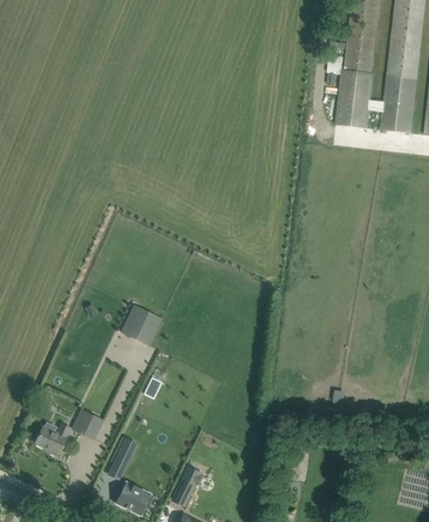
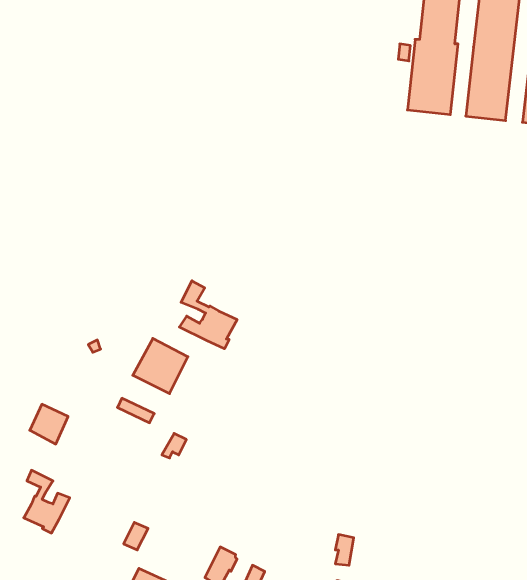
building: none -> [179,281,237,349]
building: [72,408,102,439] -> [30,404,68,444]

